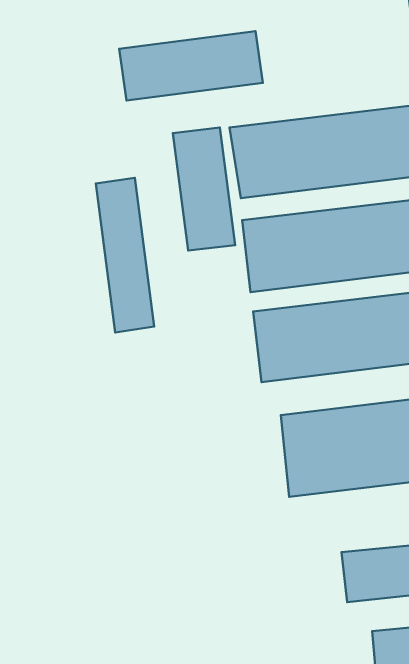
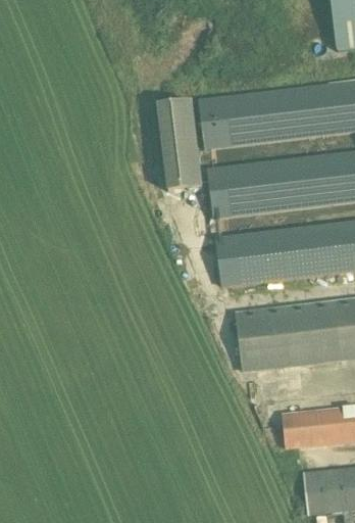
building: [119,31,263,101] -> none
building: [96,178,154,332] -> none

